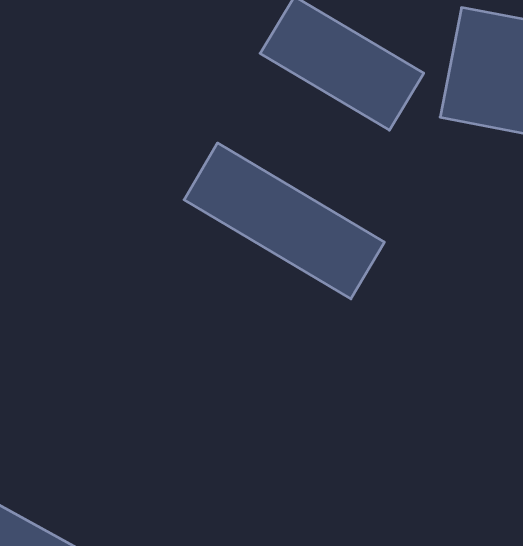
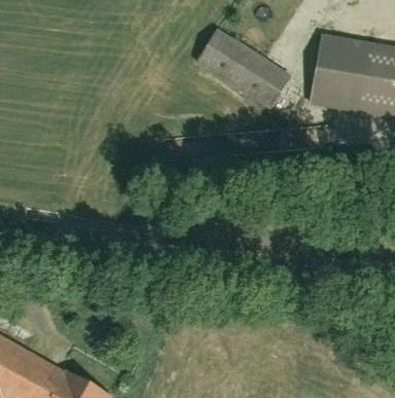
building: [184,143,384,299] -> none

